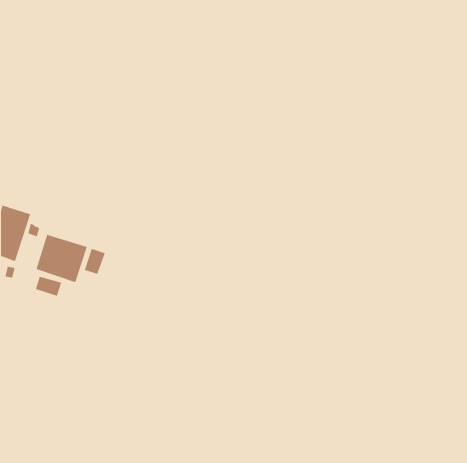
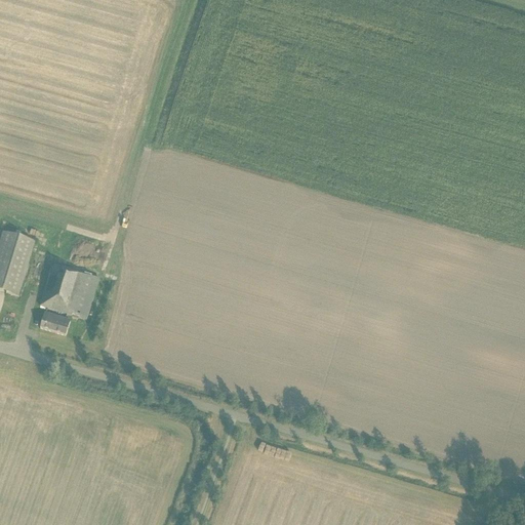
building: [84,248,106,275] -> none

